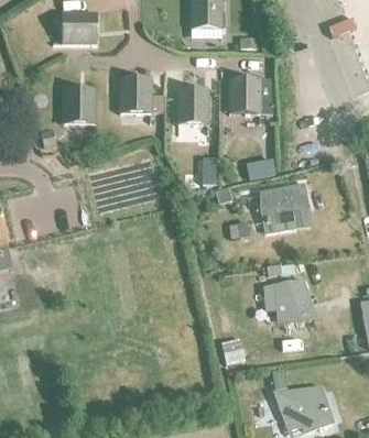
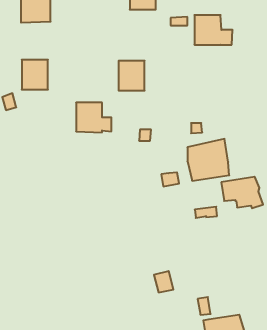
building: [120,77,162,112] -> [76,103,111,132]
building: [229,77,274,112] -> [194,15,233,45]
building: [264,281,314,318] -> [221,177,263,208]

